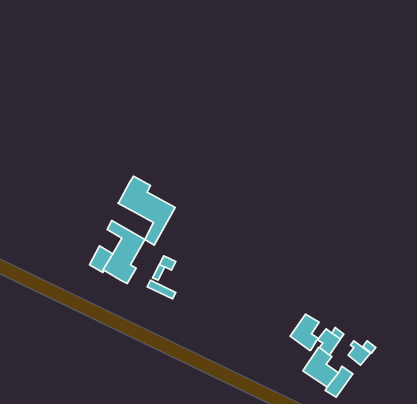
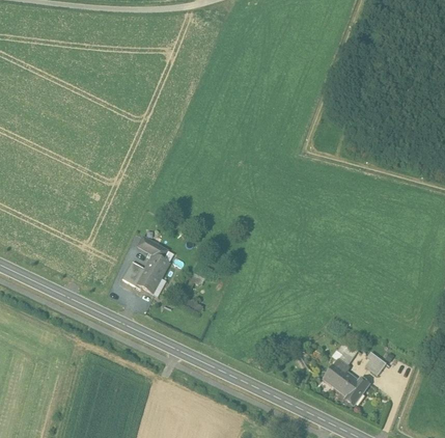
building: [118,176,175,245] -> none
building: [290,314,319,350] -> none

